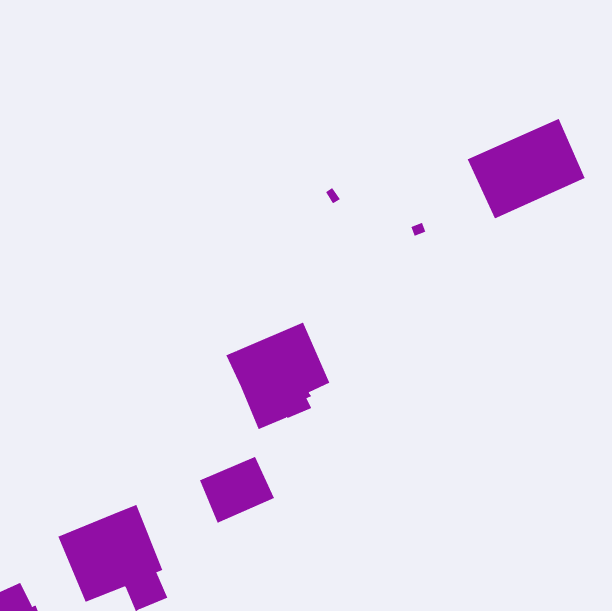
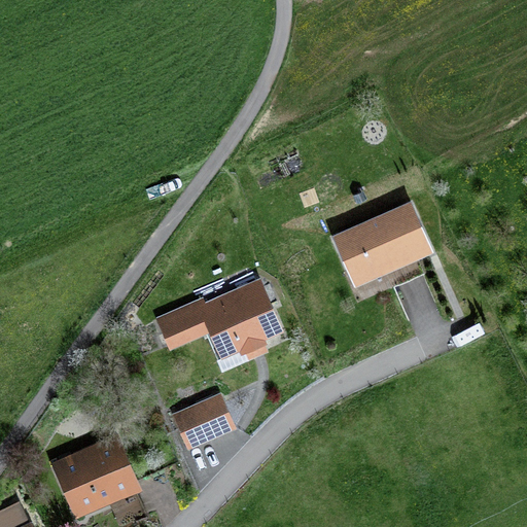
building: [467,118,586,219] -> [330,200,432,286]
building: none -> [154,297,206,349]

